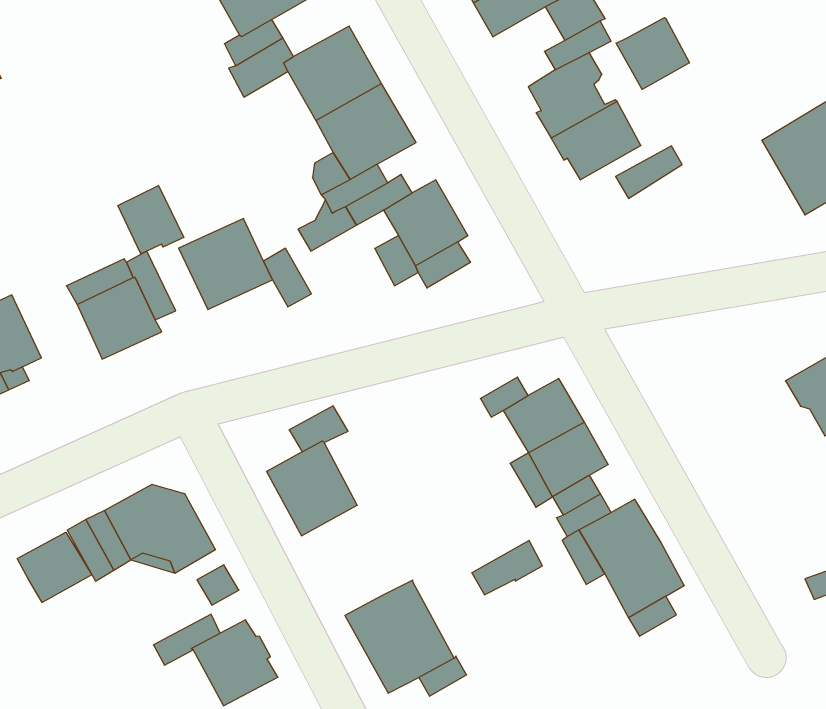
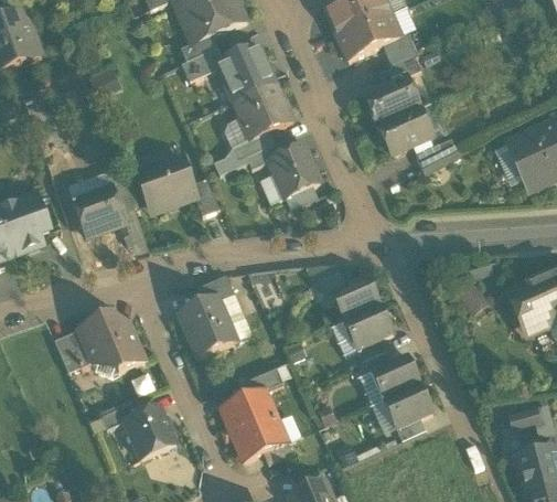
building: [616,18,689,89] -> none
building: [118,185,184,254] -> none
building: [17,532,92,602] -> none
building: [472,540,542,595] -> [238,367,282,398]

